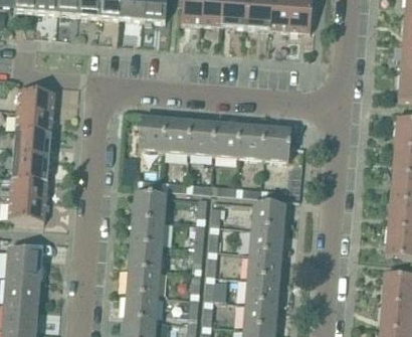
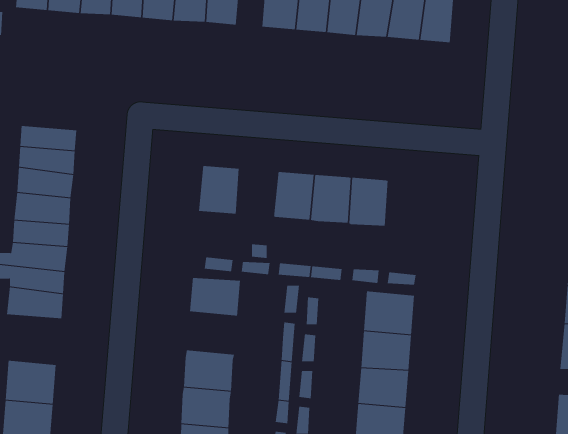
building: [164,120,192,153] -> none
building: [265,128,290,161] -> none
building: [130,217,165,246] -> none

